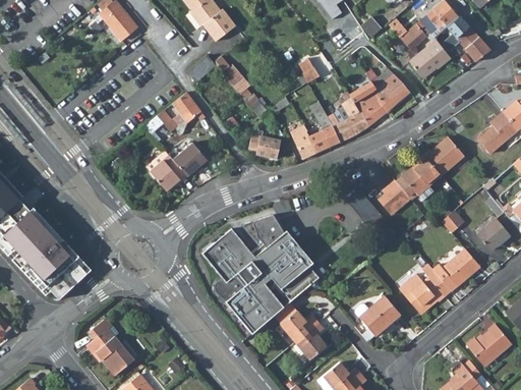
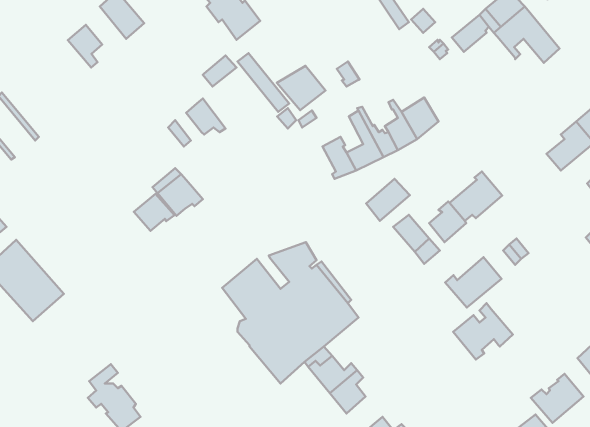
building: none -> [68,25,102,68]
building: [409,39,452,79] -> none
building: none -> [277,66,326,110]
building: [365,69,410,111] -> none
building: [248,133,281,158] -> none
building: [423,136,464,174] -> none
building: [172,146,207,177] -> [134,194,175,231]
building: none -> [366,179,410,221]
building: [476,218,510,252] -> none
building: [431,249,479,292] -> [445,257,501,308]
building: [46,262,86,300] -> none
building: [358,297,399,336] -> none

